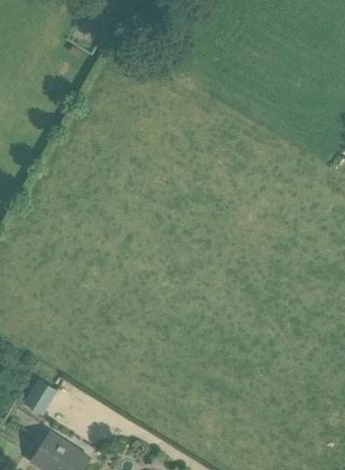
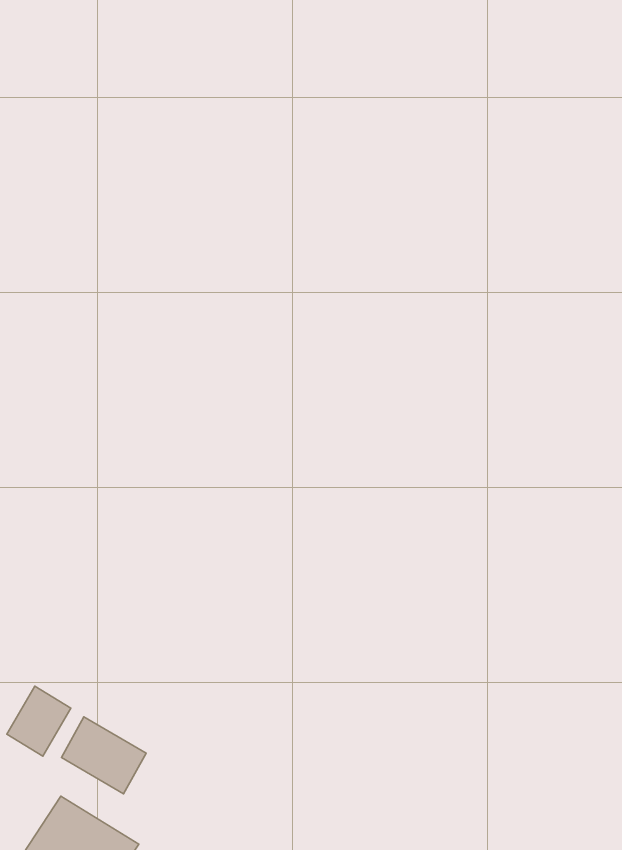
building: none -> [61,717,146,794]

